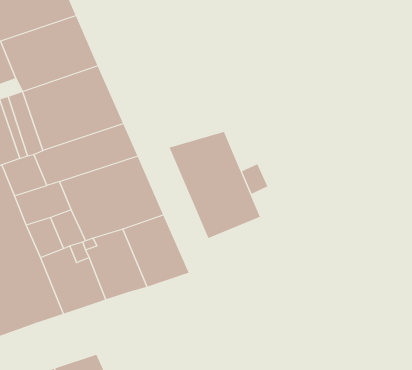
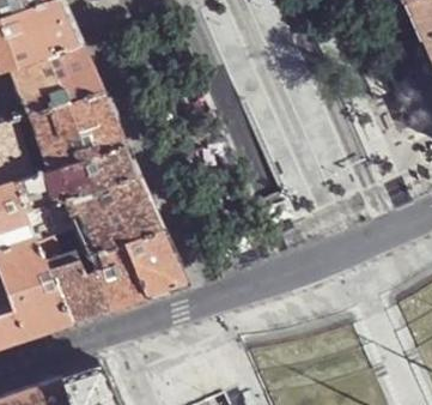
building: [169,131,260,239] -> none

